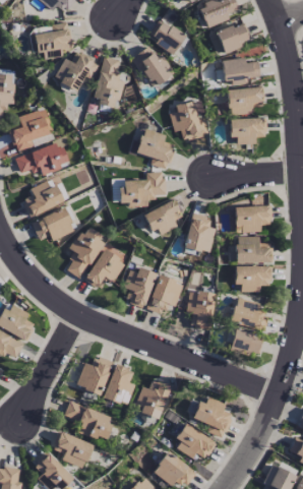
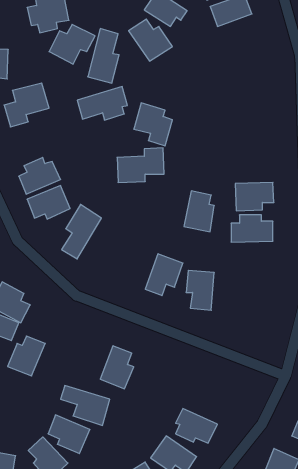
building: [222,57,261,84] -> none
building: [228,87,264,115] -> none
building: [170,101,208,141] -> none
building: [230,118,267,144] -> none
building: [16,143,65,176] -> [77,87,127,120]
building: [143,198,185,235] -> none
building: [85,249,126,290] -> none
building: [235,266,272,293] -> none
building: [124,267,155,308] -> none
building: [231,297,269,331] -> none
building: [231,328,264,357] -> none
building: [76,356,113,394] -> [8,336,45,376]
building: [134,378,171,419] -> none
building: [192,396,233,438] -> none

